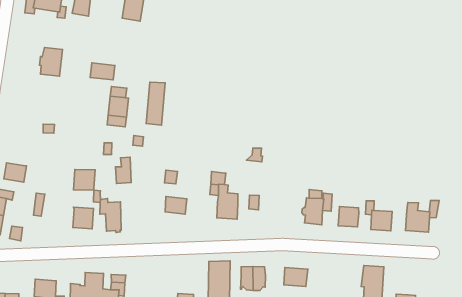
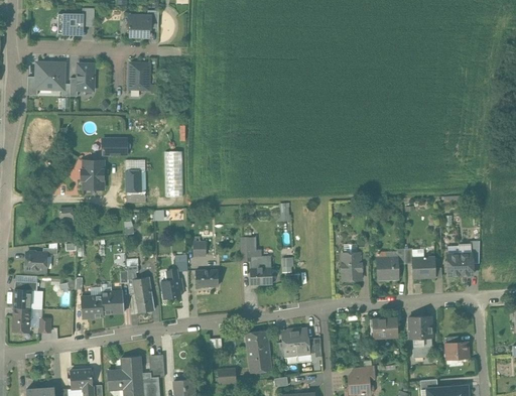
building: [39,47,63,76] -> [81,160,103,188]
building: [116,157,131,184] -> [161,267,179,296]
building: [73,170,95,190] -> [81,293,103,316]
building: [284,268,308,286] -> [372,318,396,338]

